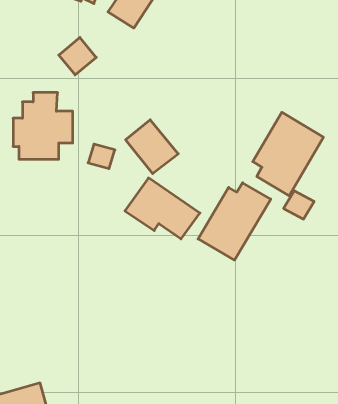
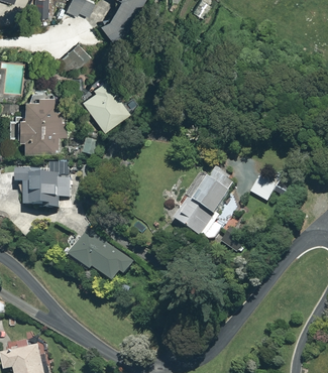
building: [253,112,323,196] -> none
building: [126,120,178,174] -> [80,80,125,126]
building: [125,178,200,239] -> [67,228,131,280]
building: none -> [25,169,62,208]

